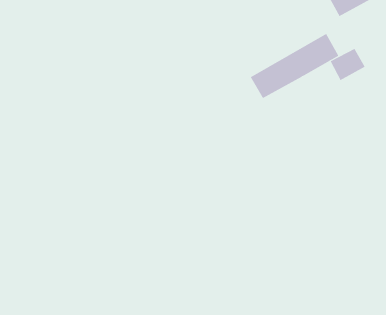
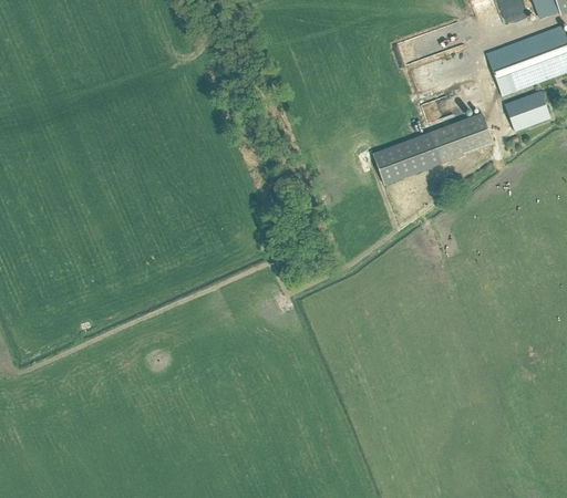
building: [330,48,365,81] -> [505,91,550,131]

